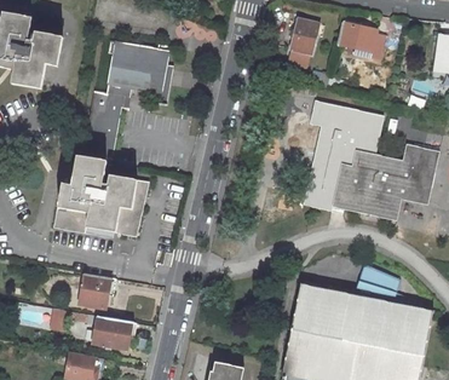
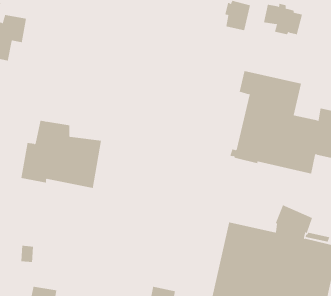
building: [82,39,172,165] -> none
building: [74,275,113,311] -> none
building: [90,318,128,351] -> none

